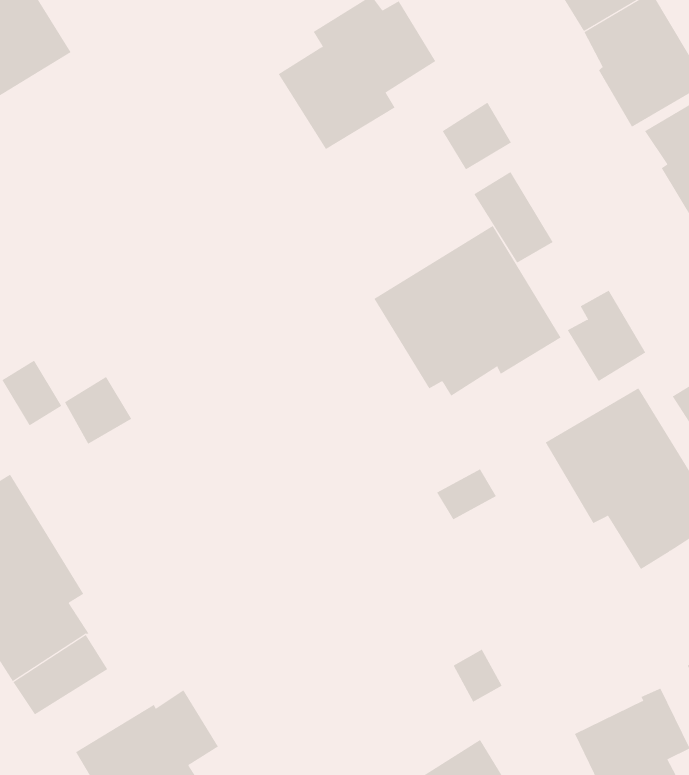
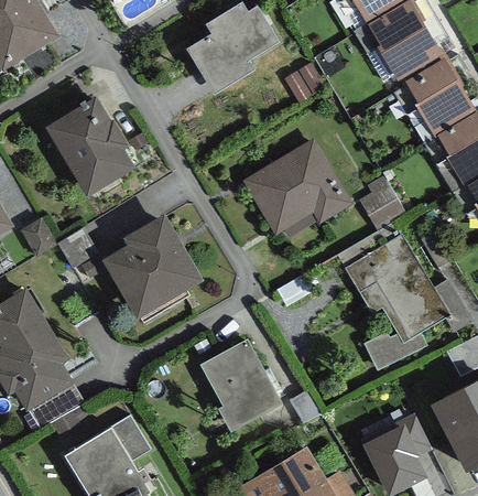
building: none -> [45,95,134,194]
building: [474,171,553,264] -> none
building: none -> [102,212,203,316]
building: none -> [365,332,425,370]
building: none -> [200,339,281,430]

